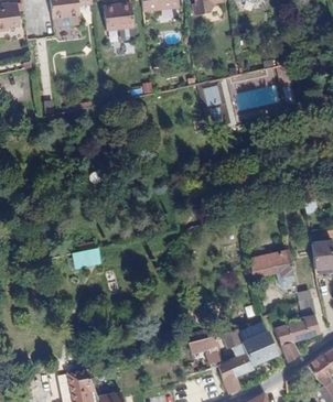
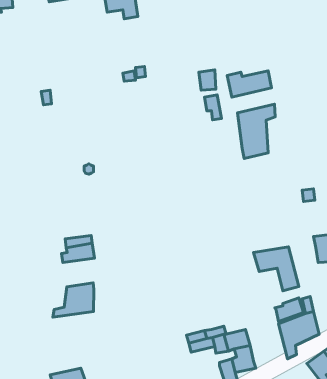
building: none -> [237,104,275,158]
building: none -> [53,283,94,317]
building: [247,329,280,366] -> none

